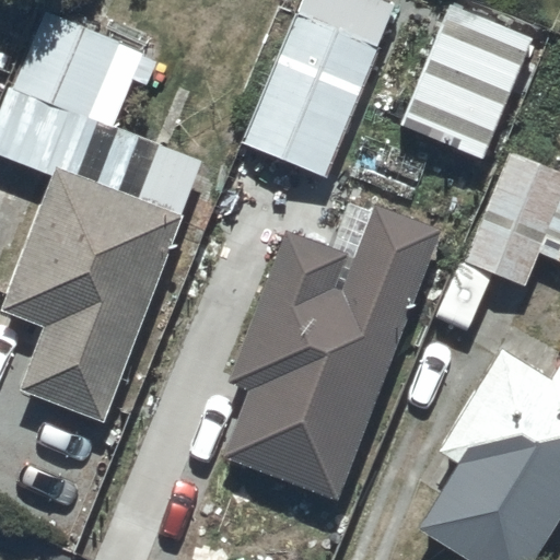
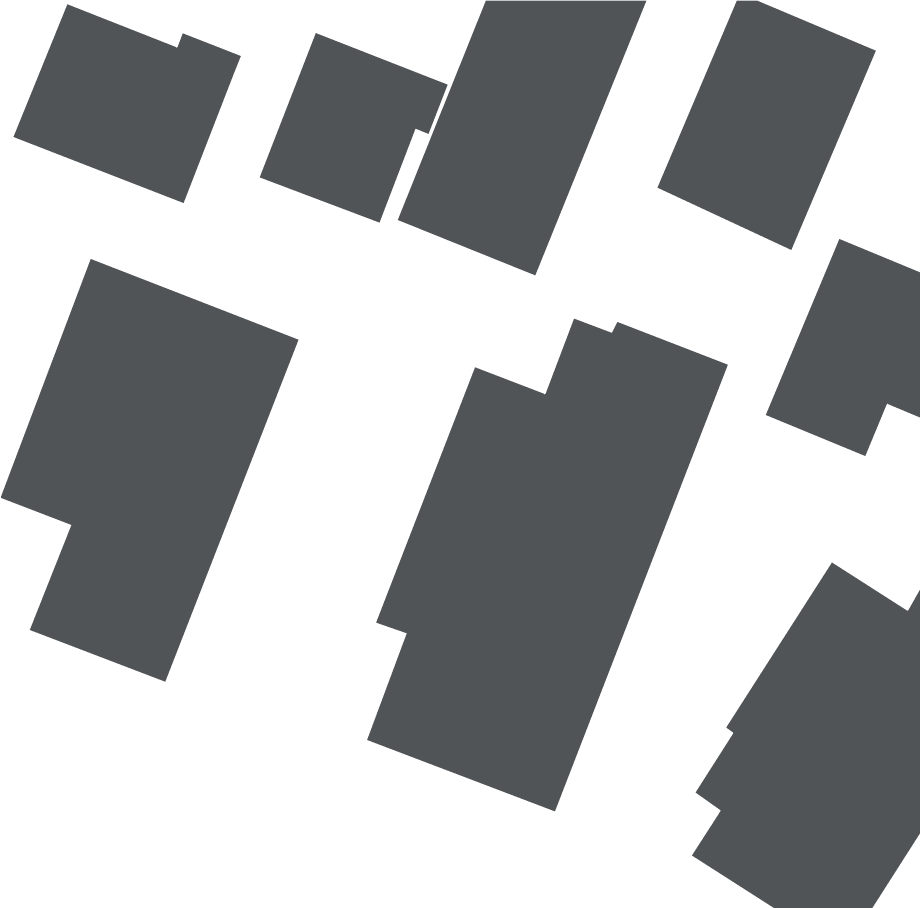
building: none -> [259,32,448,223]

